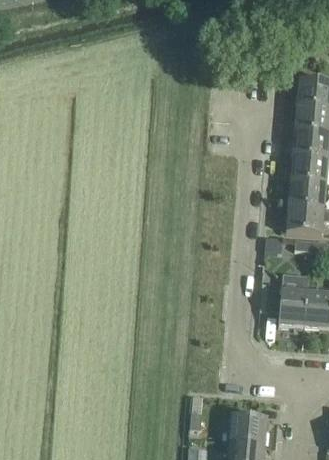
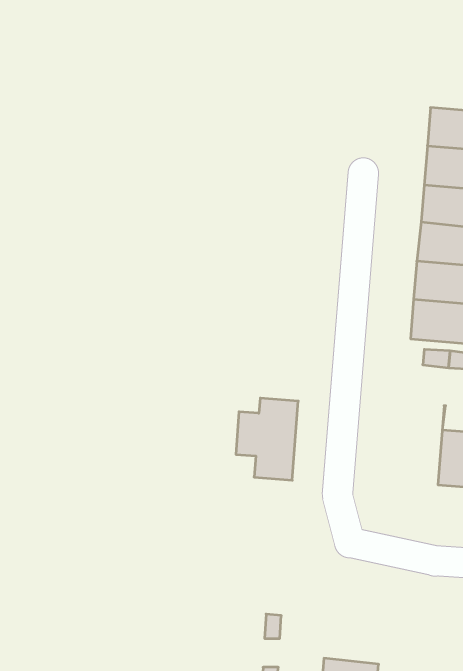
building: [267,272,308,326] -> [236,398,298,480]
building: [229,414,267,444] -> none

